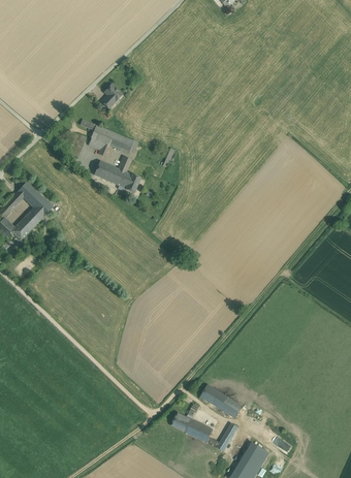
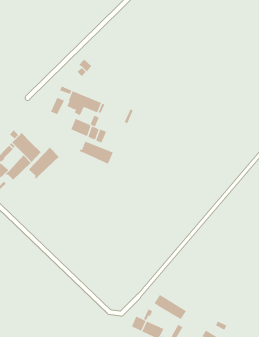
building: none -> [79,141,114,165]
building: none -> [28,147,60,179]

